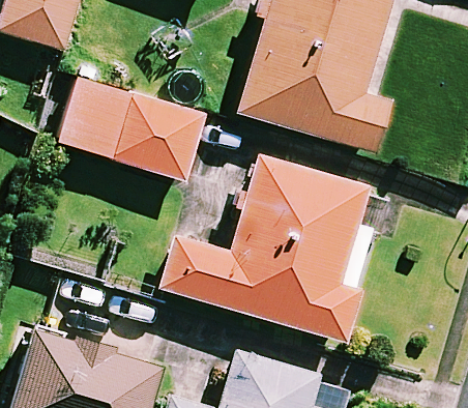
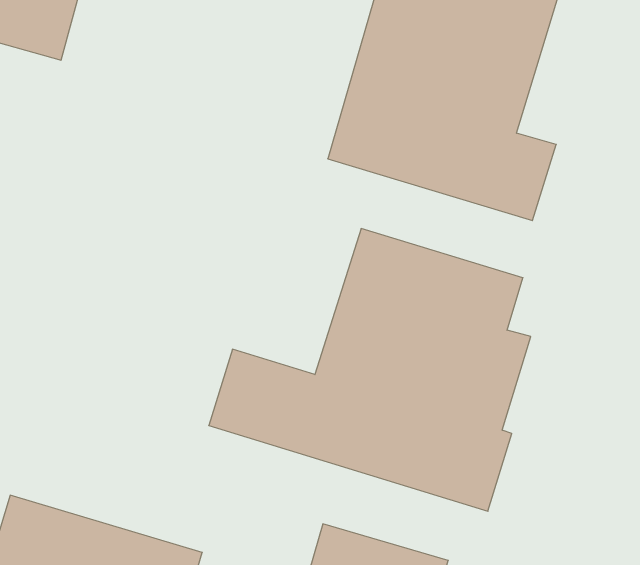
building: [59,41,205,179] -> none

